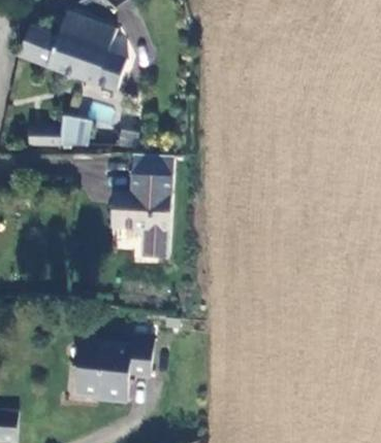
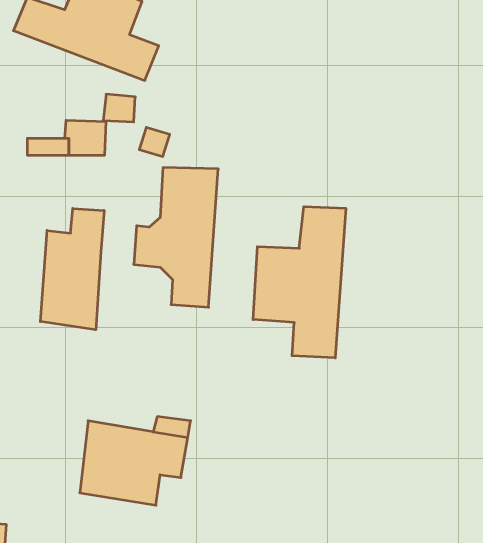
building: none -> [253,207,346,358]
building: none -> [40,208,104,330]

